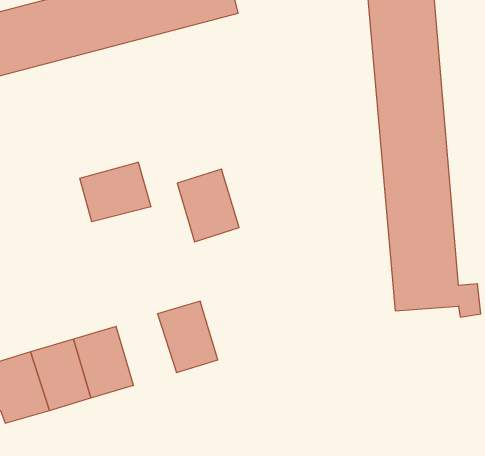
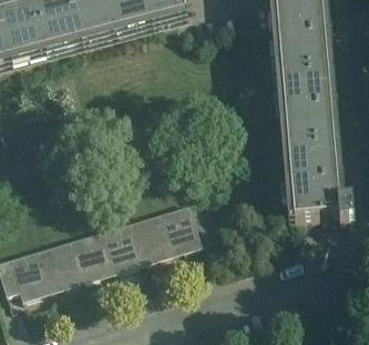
building: [80,162,151,222] -> none
building: [177,169,239,242] -> [158,203,202,254]
building: none -> [100,222,142,272]

